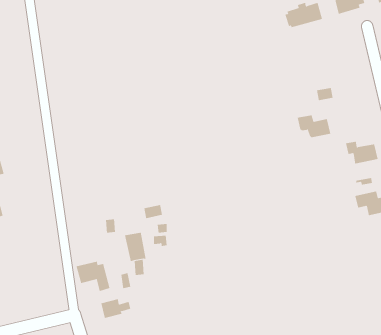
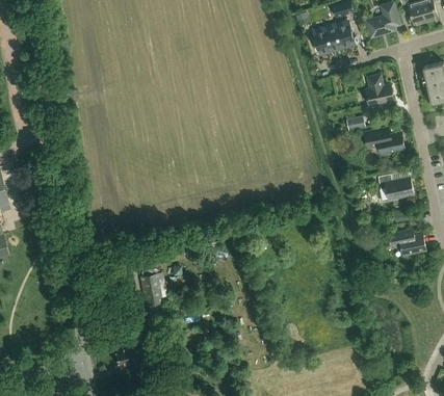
building: none -> [365,74,393,105]
building: [297,115,331,138] -> [367,128,404,153]
building: [76,261,110,292] -> none

